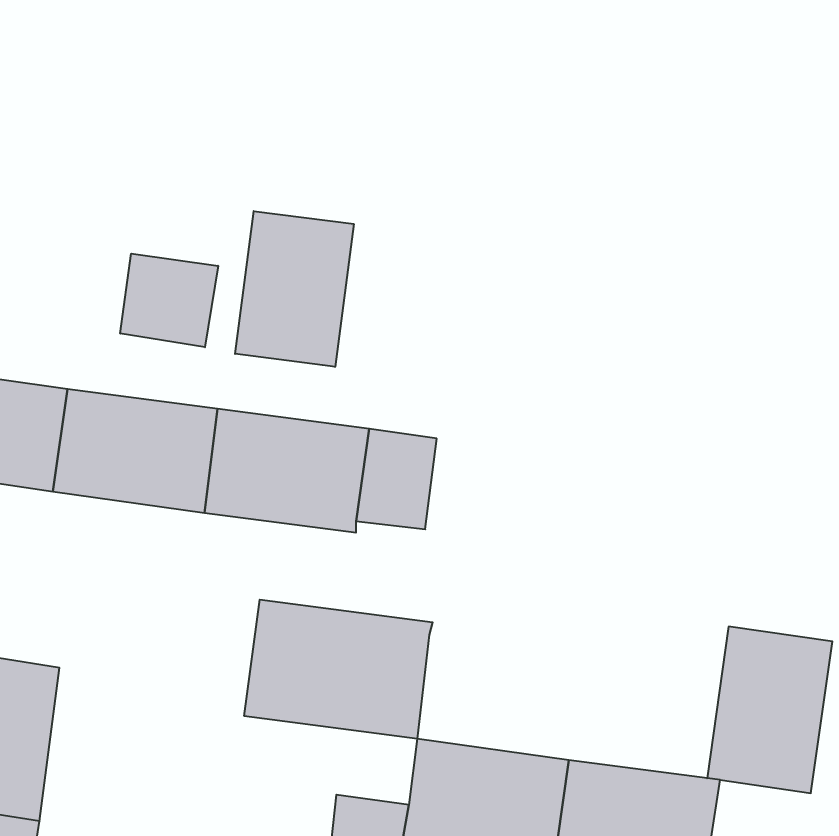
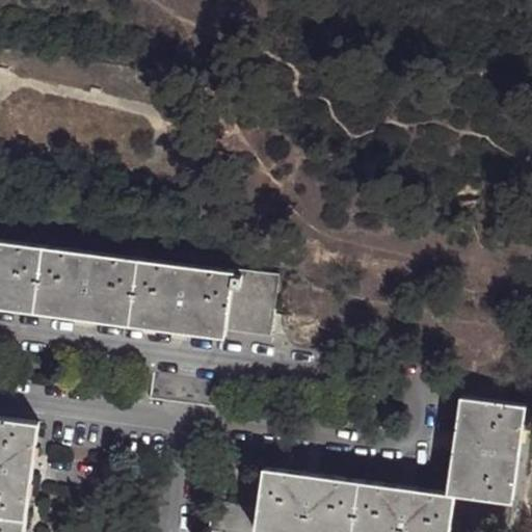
building: [235,211,354,367] -> none
building: [120,254,218,347] -> none
building: [244,600,433,739] -> none

